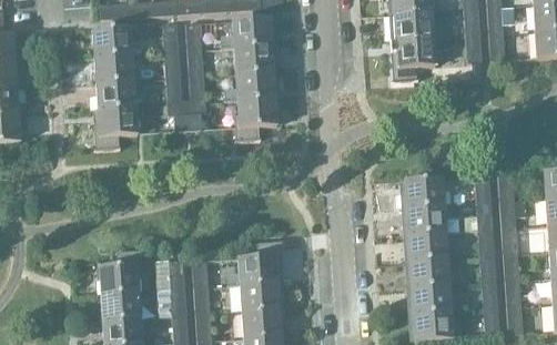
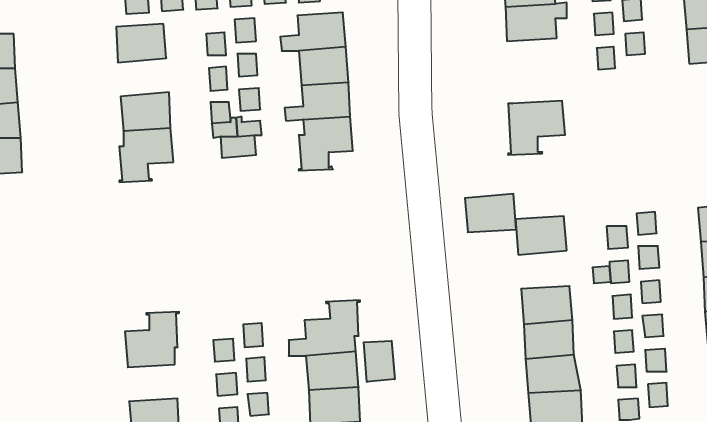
building: [393,38,437,80] -> [508,101,565,155]
building: [93,53,133,83] -> none
building: [405,203,445,233] -> [465,194,516,232]
building: none -> [364,341,395,382]
building: [101,292,140,321] -> none

